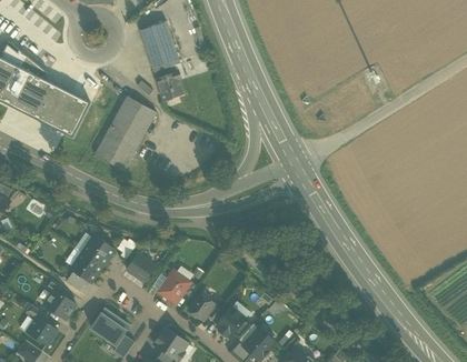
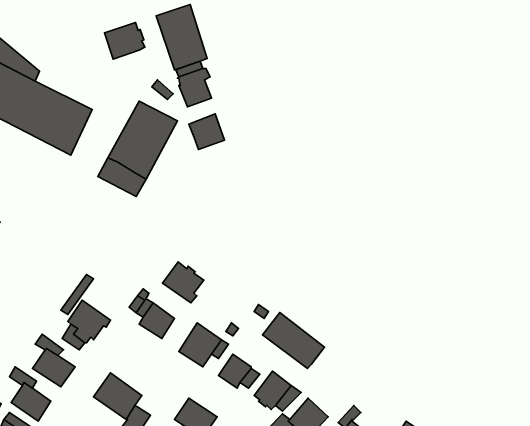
building: none -> [104,22,145,59]
building: none -> [189,114,225,149]
building: [81,234,113,267] -> [163,262,204,303]
building: none -> [263,312,325,369]

